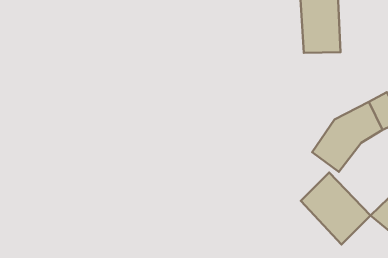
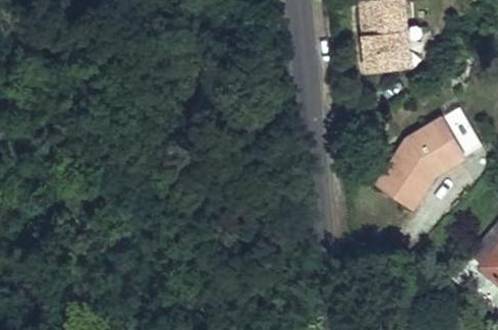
building: [301,172,371,244] -> none

